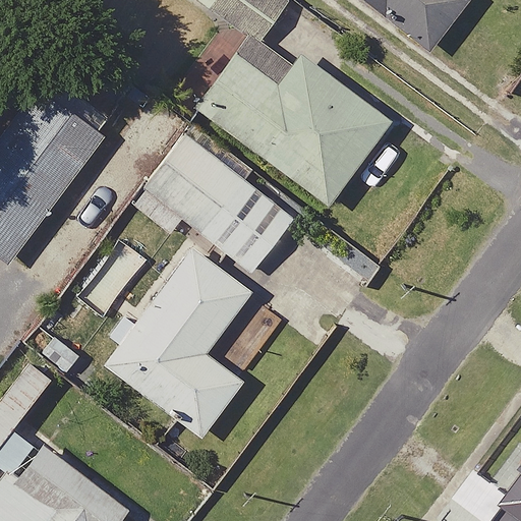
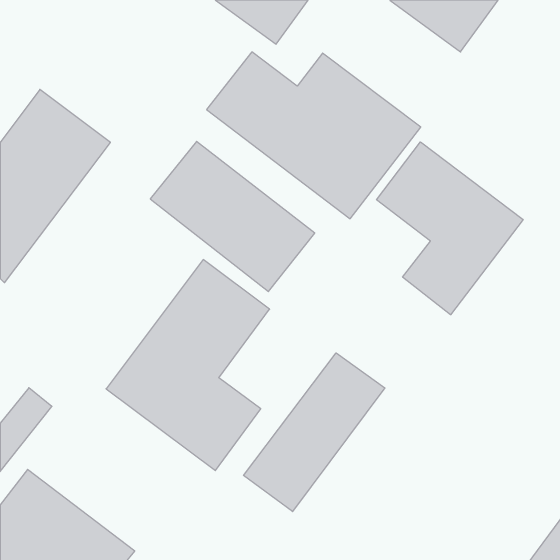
building: none -> [377,142,523,315]
building: none -> [244,353,385,512]

